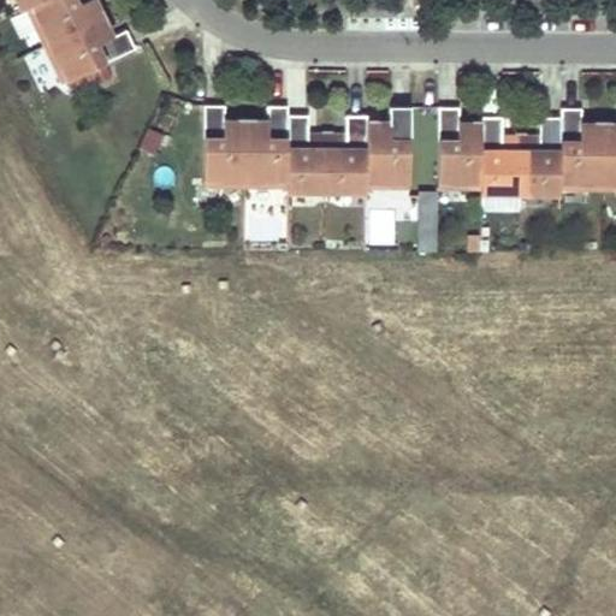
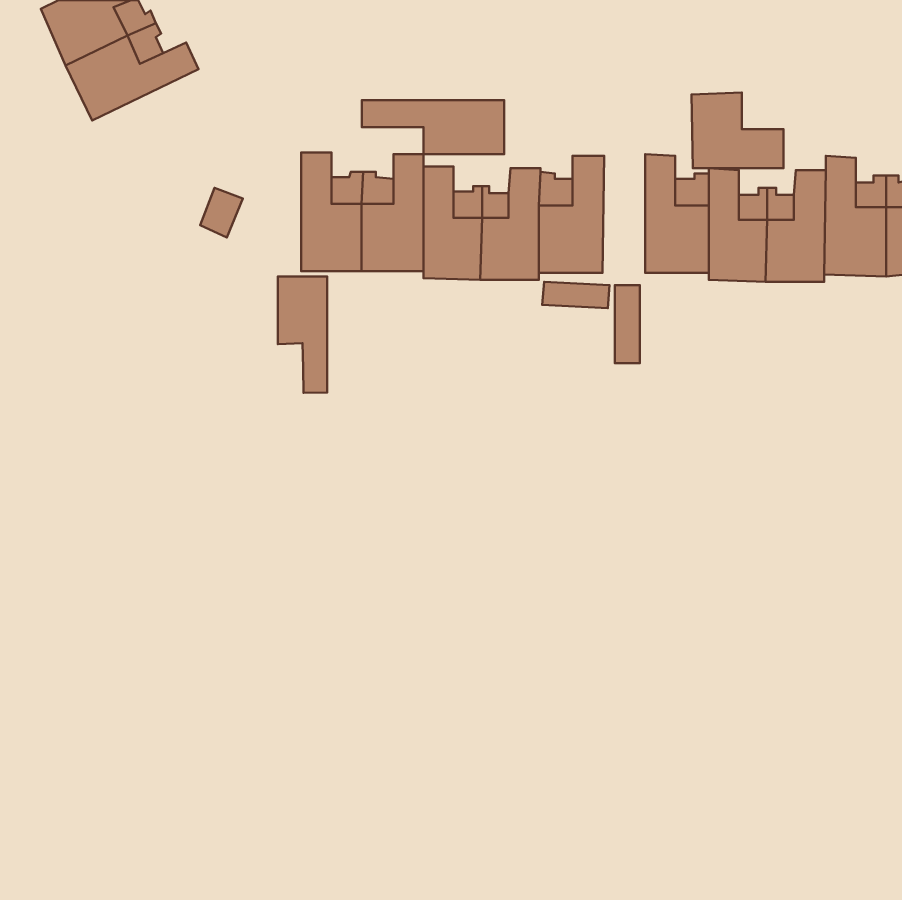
building: none -> [691,92,783,168]
building: none -> [362,100,504,154]
building: none -> [278,276,327,393]

